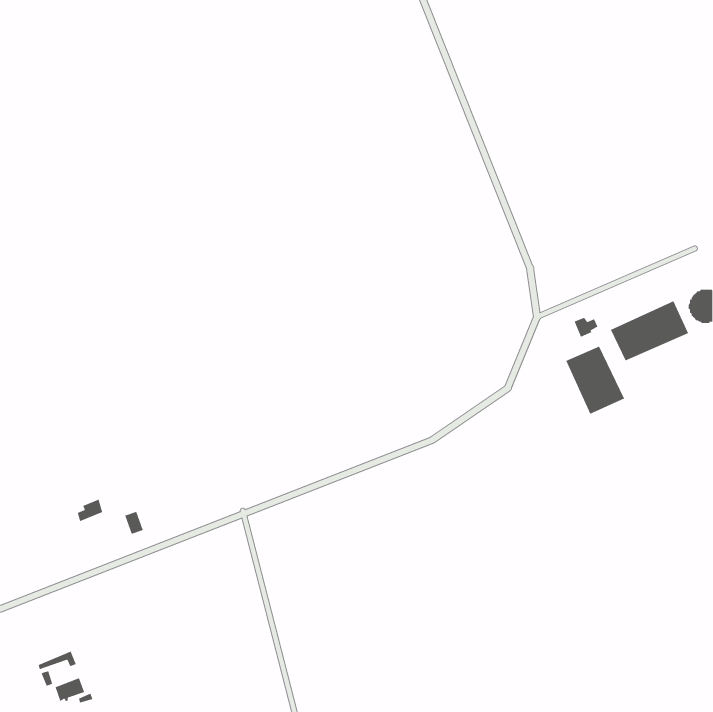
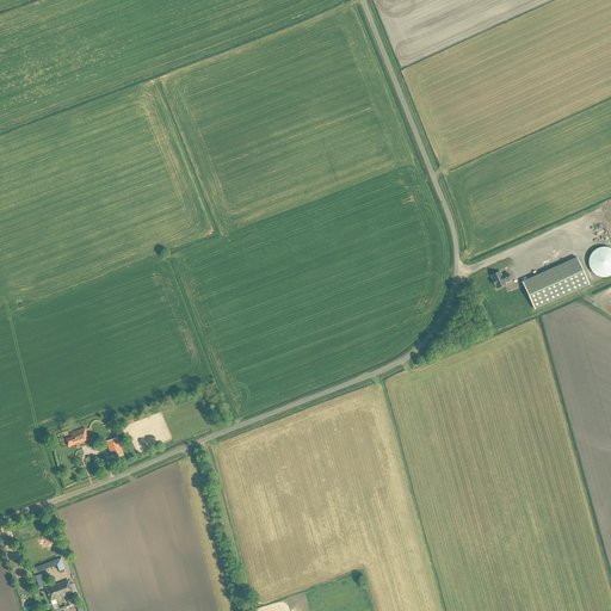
building: [565,346,625,415] -> none

